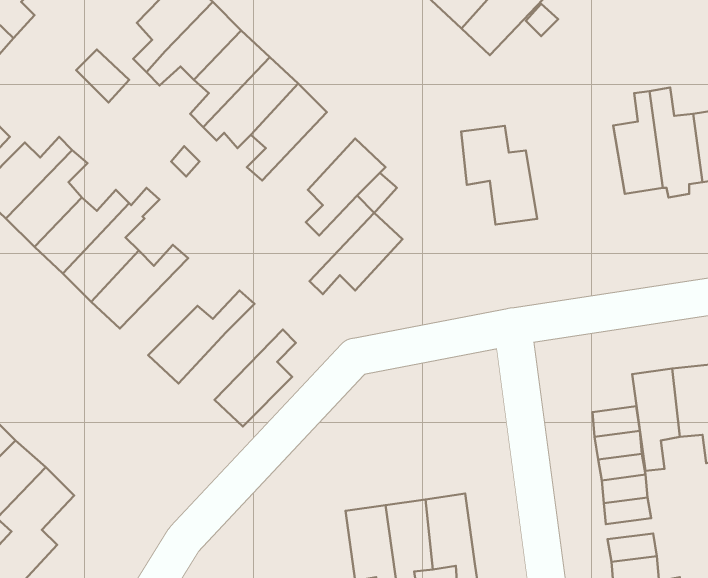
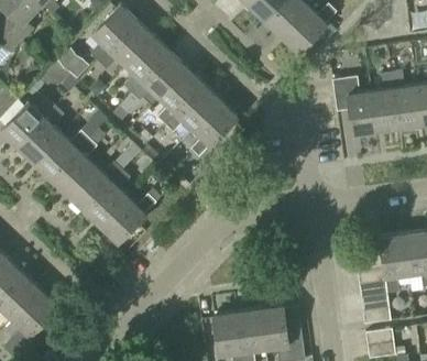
building: [461,126,537,225] -> [331,78,375,135]
building: [310,213,403,294] -> [165,85,219,132]
building: [214,330,296,426] -> [83,169,130,226]

